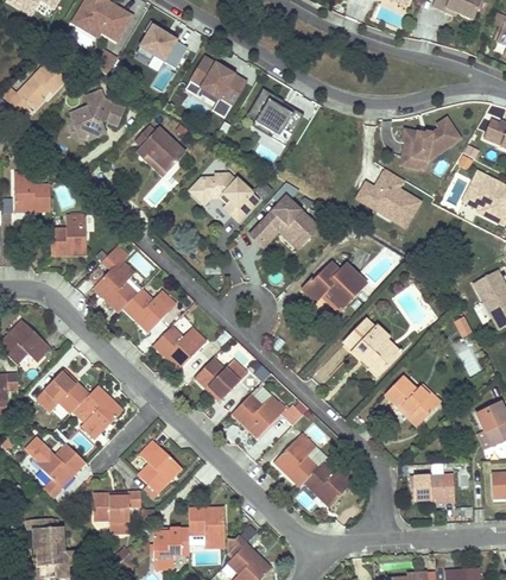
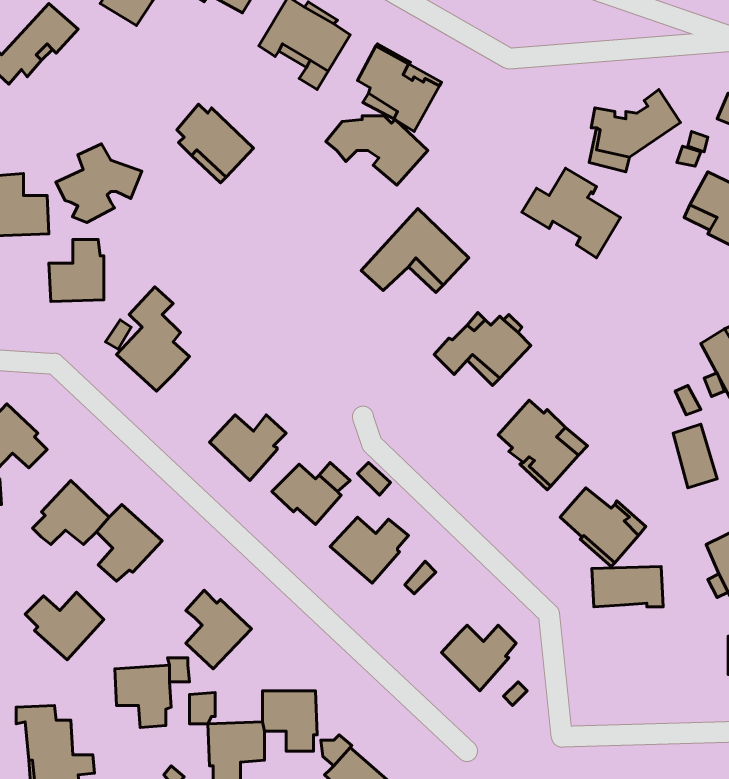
building: [68,92,124,143] -> [56,144,142,222]
building: [186,176,253,221] -> [326,116,428,185]
building: [122,290,172,334] -> none
building: [273,436,316,487] -> none
building: [409,475,455,502] -> [592,567,663,607]

